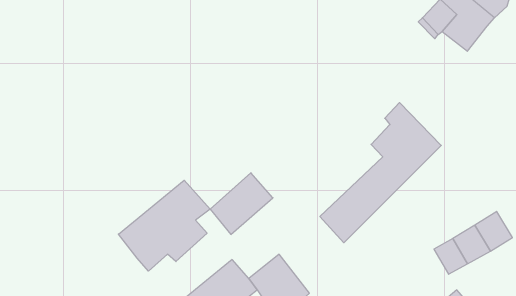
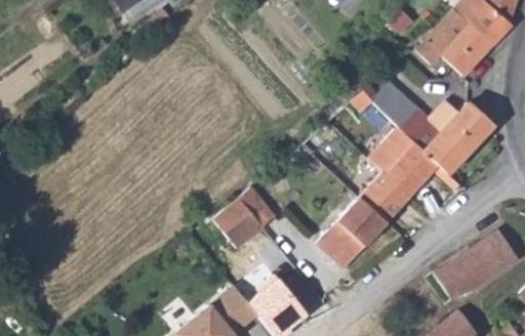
building: none -> [368,80,488,176]
building: [118,180,210,271] -> none

